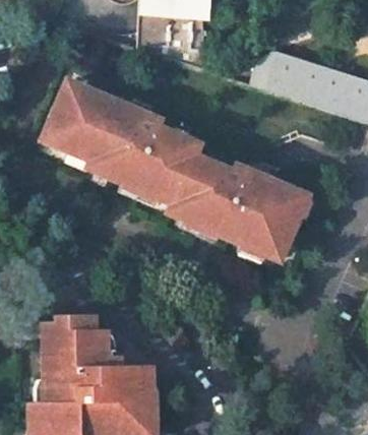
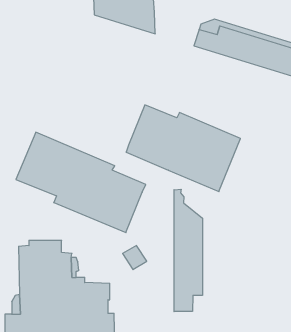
building: [44,83,197,202] -> [16,132,146,233]
building: none -> [174,189,203,312]

